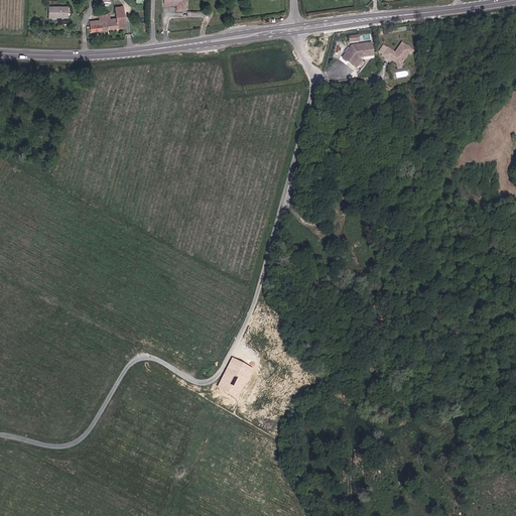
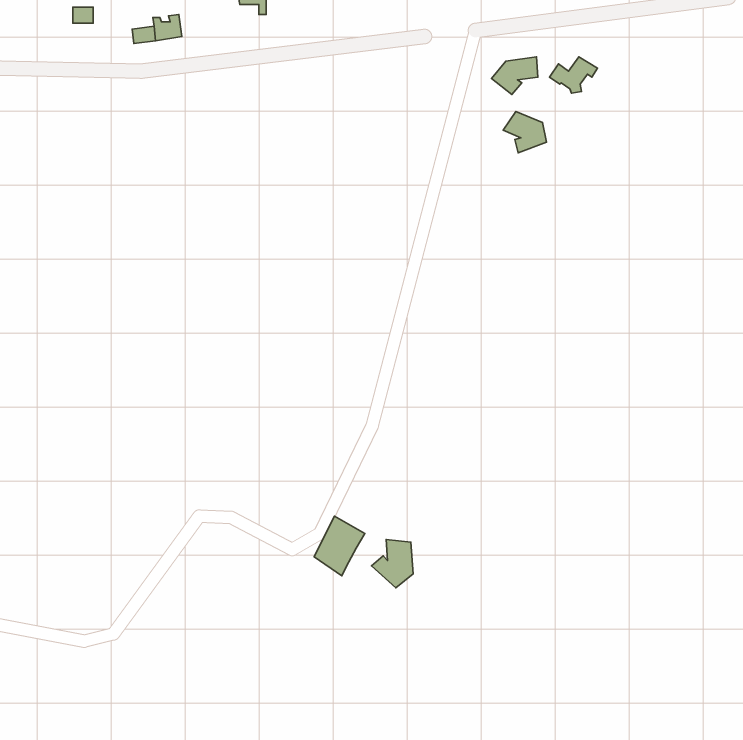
building: none -> [503,111,546,153]
building: none -> [372,539,413,588]

